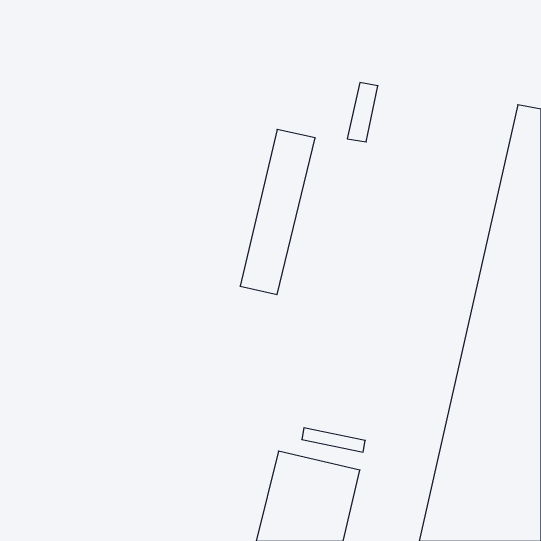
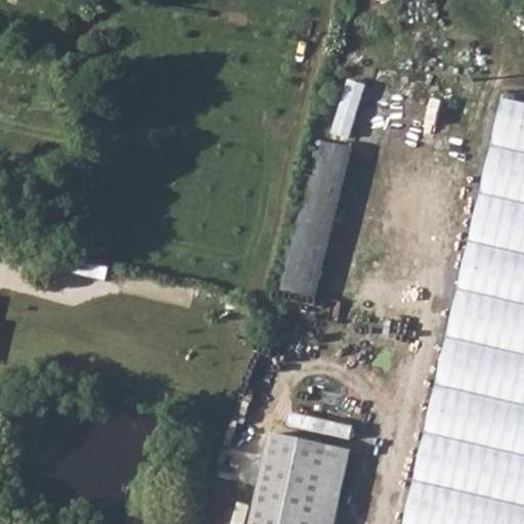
building: [240,129,315,295] -> [279,139,352,299]

